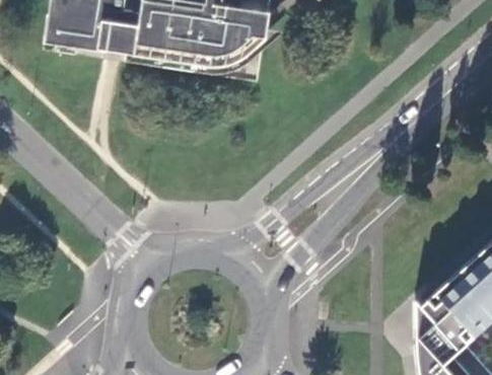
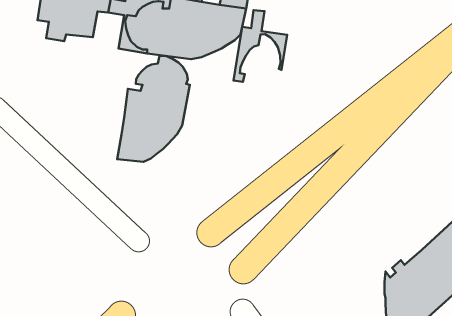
building: none -> [233,10,287,82]
building: none -> [117,56,190,162]

